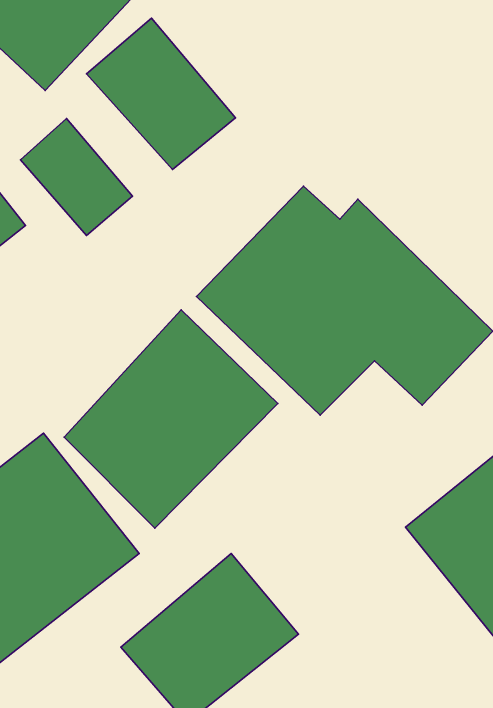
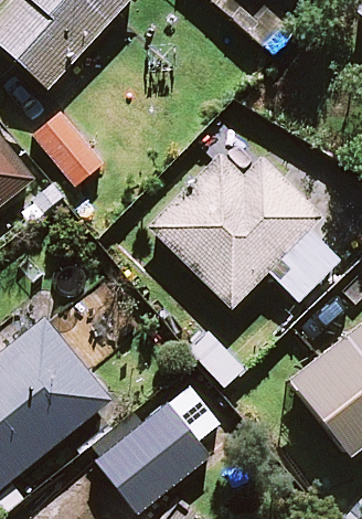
building: [87,18,235,169] -> none
building: [64,310,278,528] -> none

